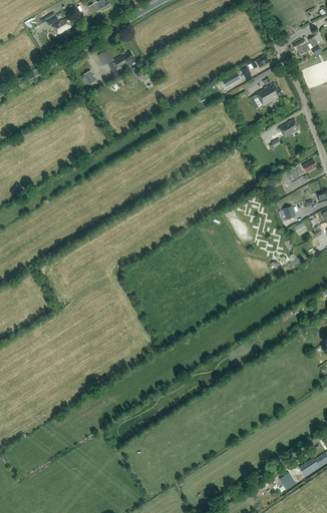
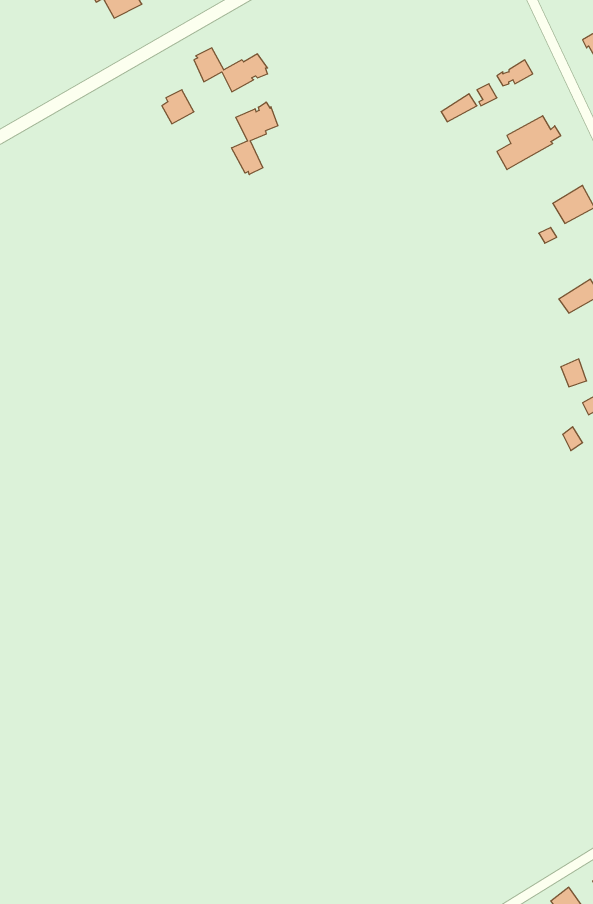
building: none -> [232,102,278,175]

